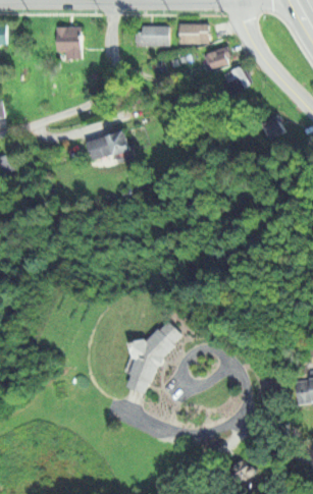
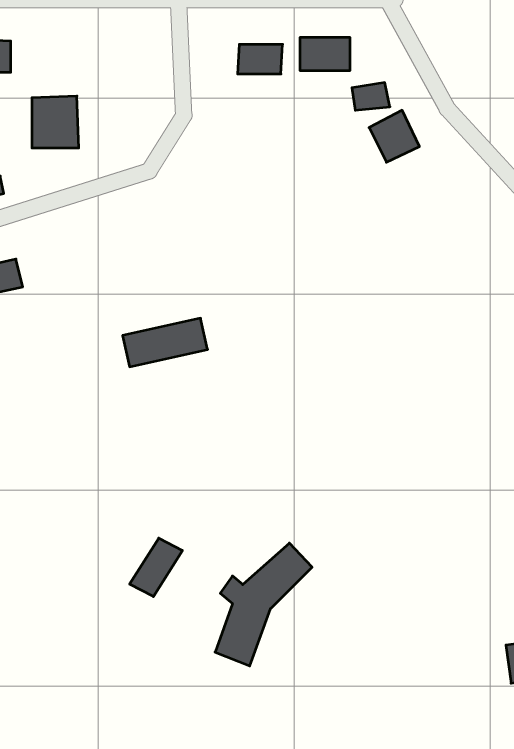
building: [56,26,84,57] -> [32,96,79,148]
building: [79,133,128,162] -> [123,318,208,367]
building: none -> [130,538,182,597]

